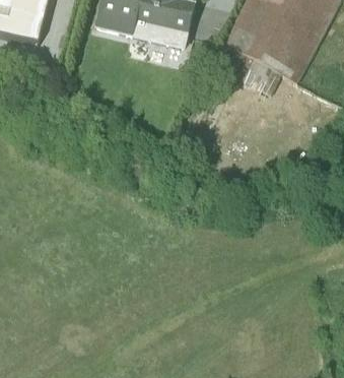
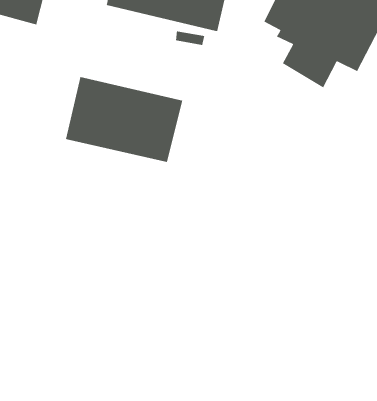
building: none -> [65,76,183,163]

